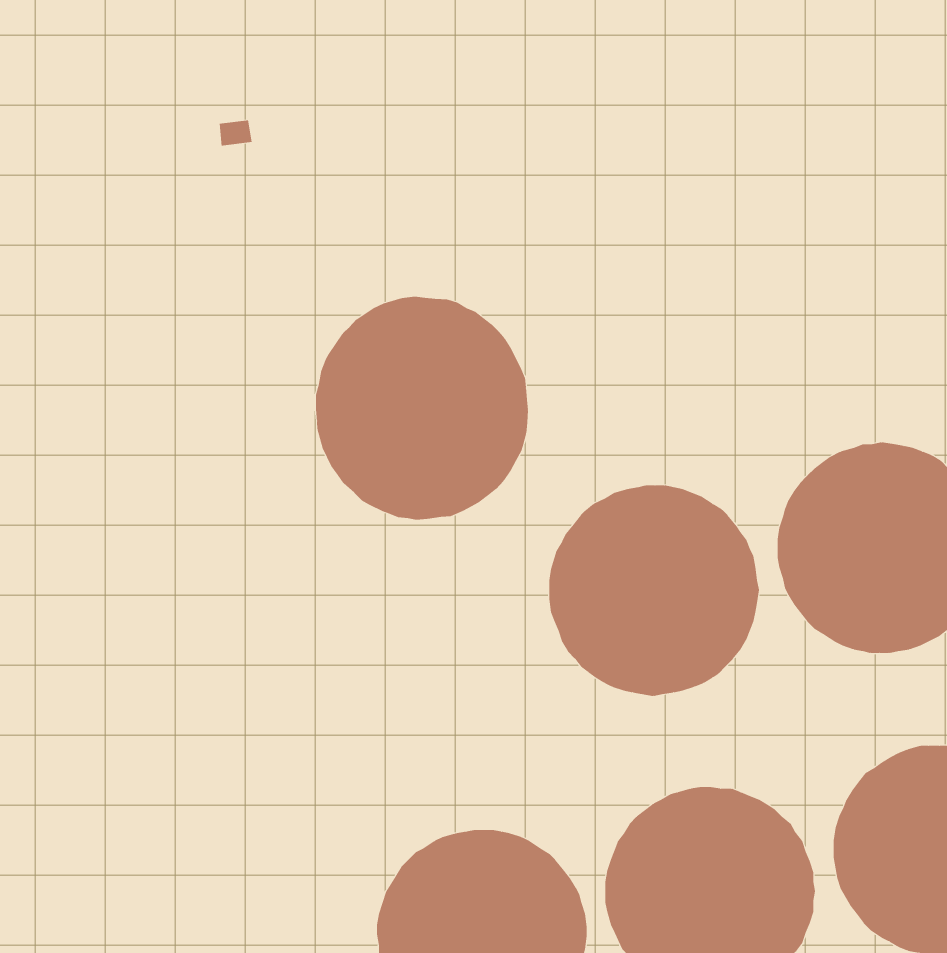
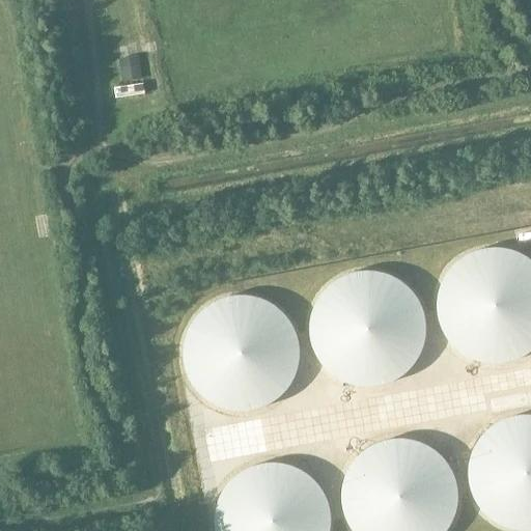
building: [315,296,528,521] -> none
building: none -> [183,295,300,411]

